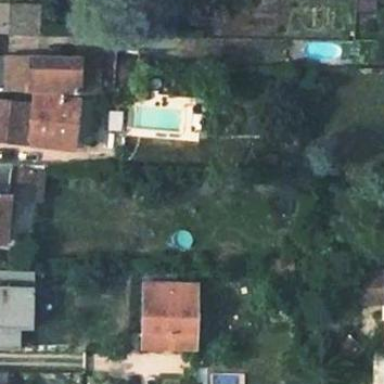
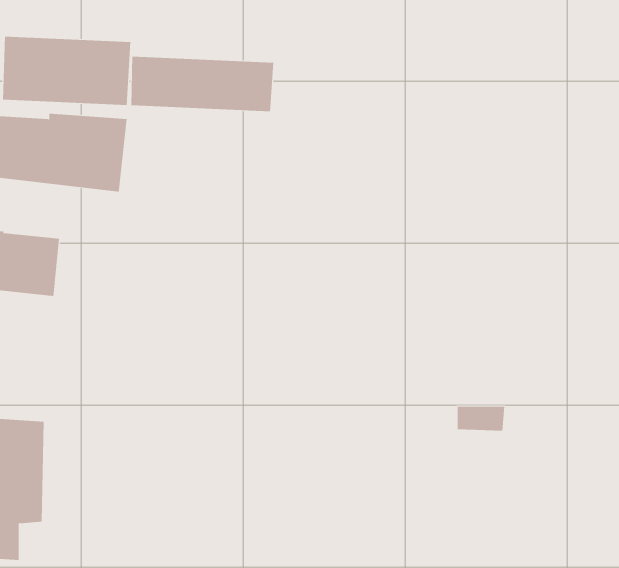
building: none -> [131,56,274,112]
building: [142,284,196,345] -> none

